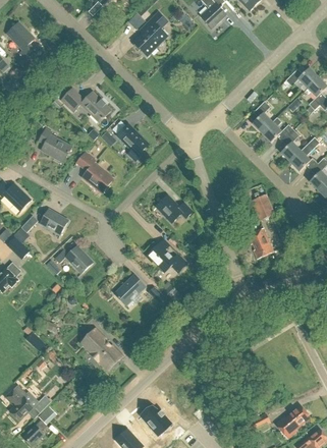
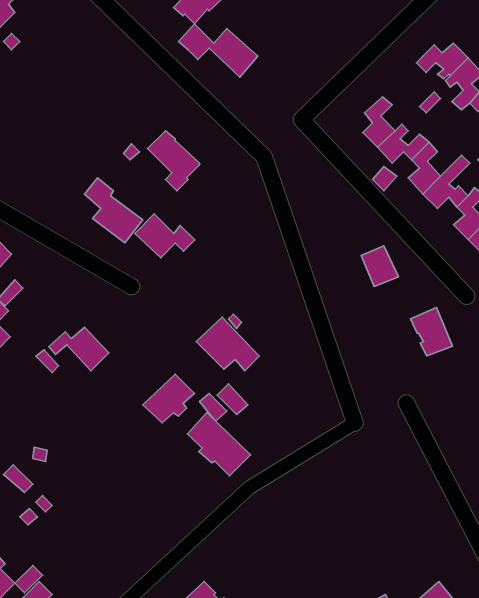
building: [61,89,111,122] -> [178,24,258,77]
building: [38,127,71,162] -> none
building: [155,194,193,222] -> [135,214,195,258]
building: [40,209,67,234] -> none
building: [247,227,273,258] -> [411,307,453,356]
building: [81,329,121,369] -> [187,413,251,476]

